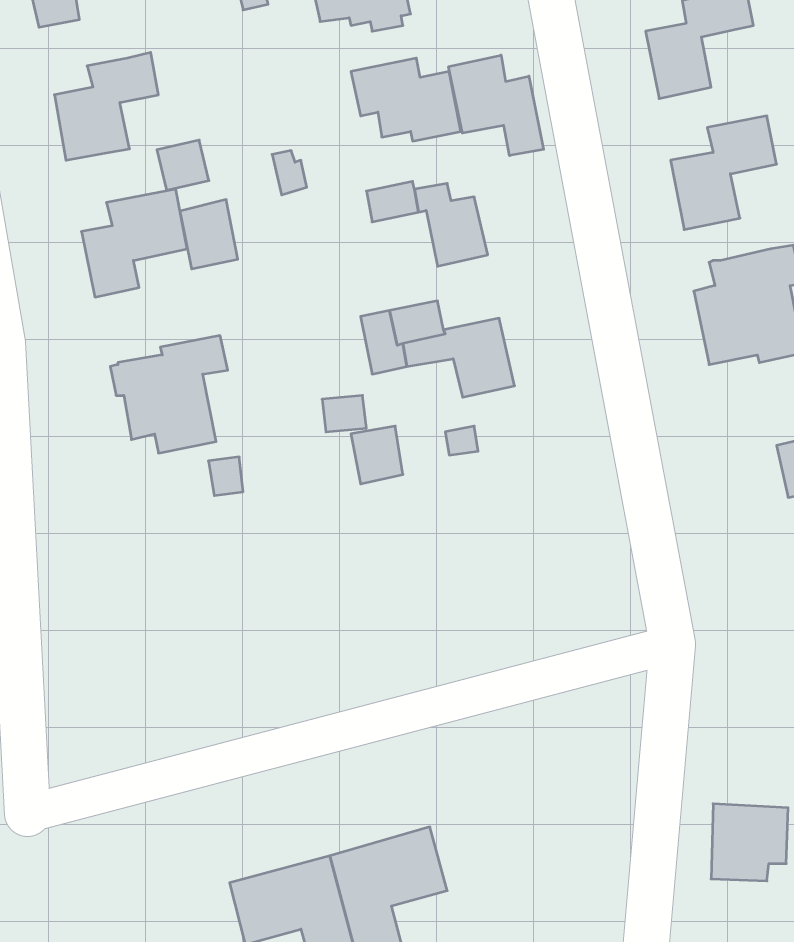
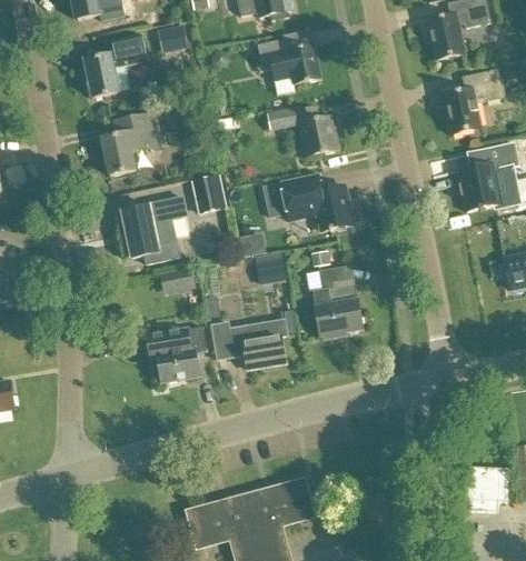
building: [449,55,544,156] -> none
building: [157,140,209,190] -> [159,23,189,52]
building: [180,200,238,269] -> [193,173,227,213]
building: none -> [311,267,361,338]
building: none -> [211,318,288,367]
building: none -> [147,323,207,381]

